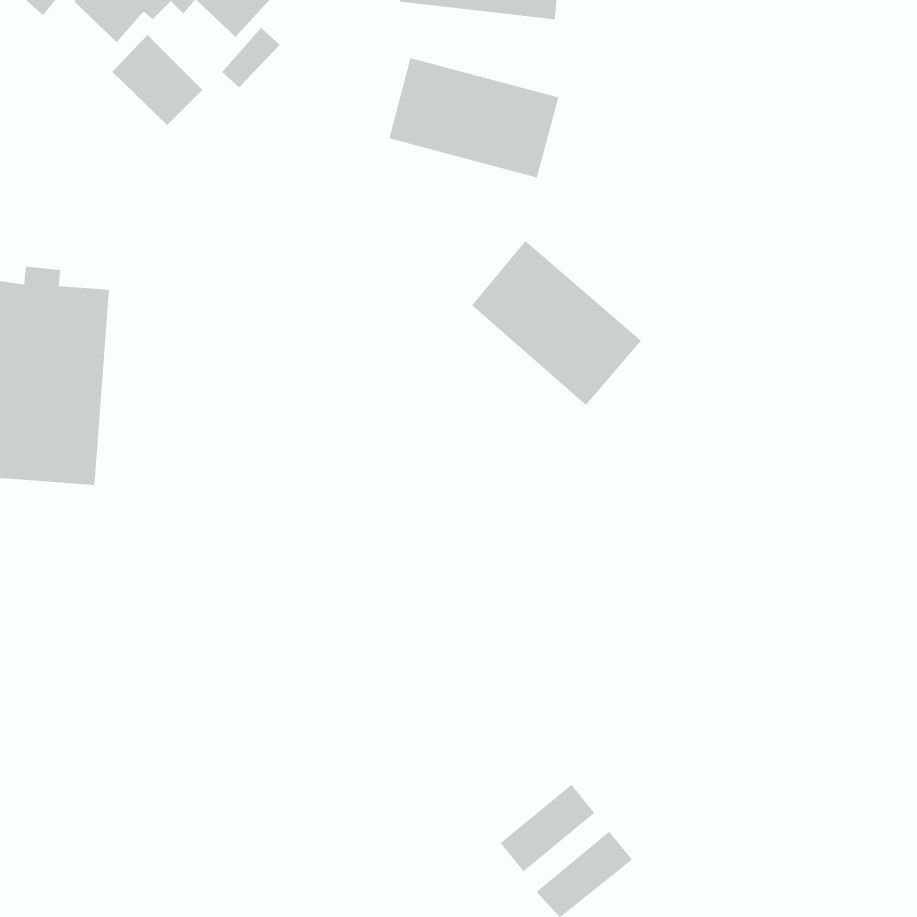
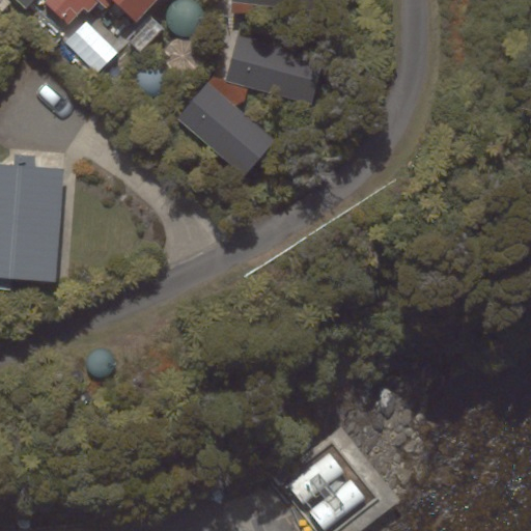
building: [471,240,642,406] -> [176,81,275,176]

